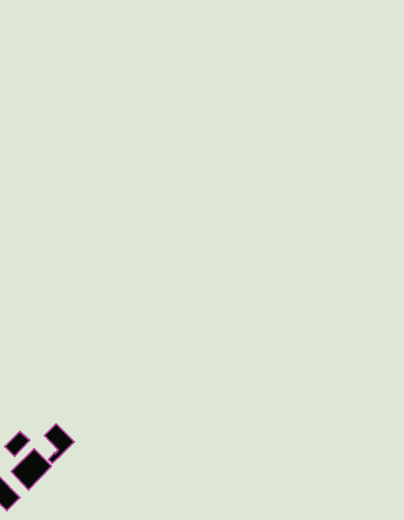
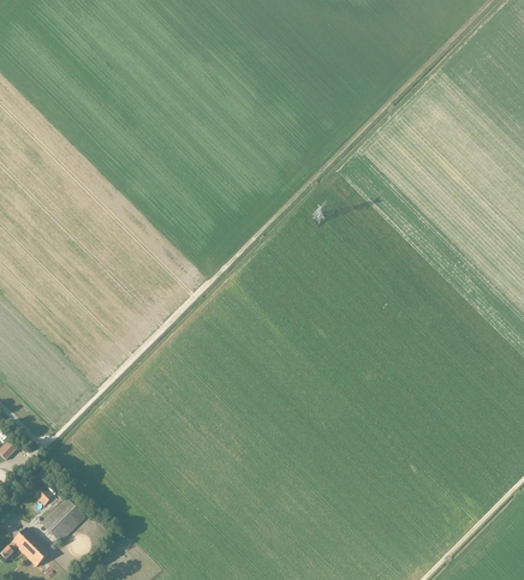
building: [45,424,74,463] -> none

